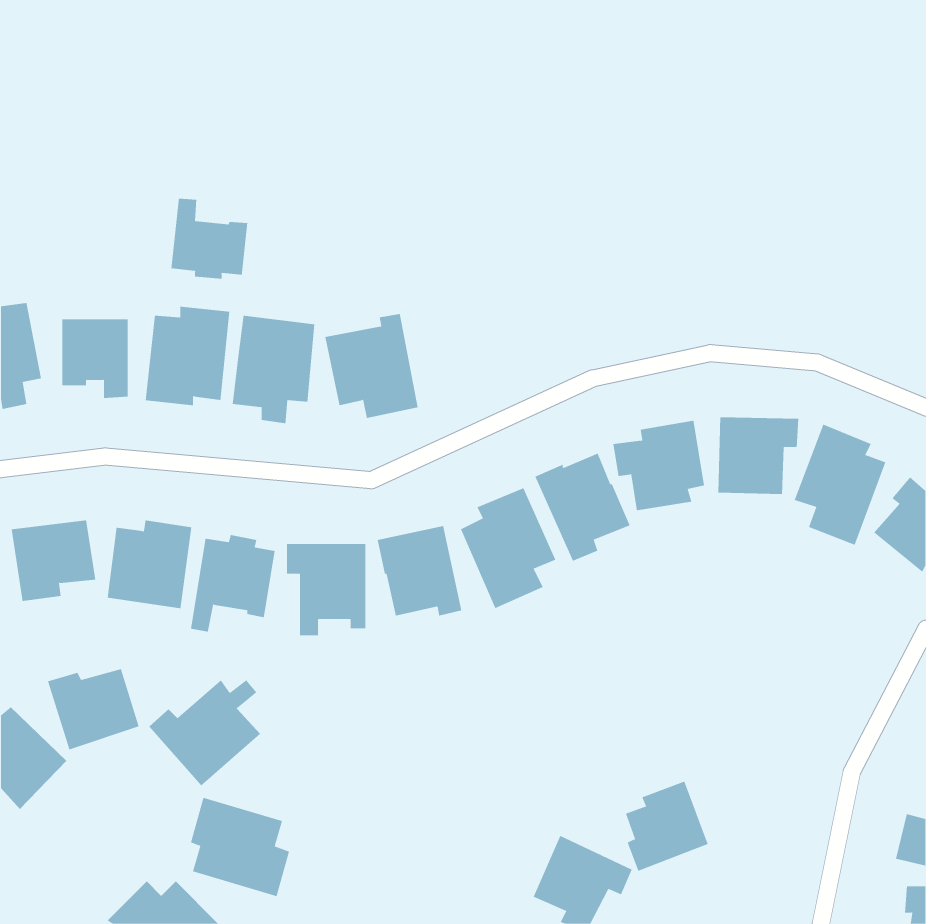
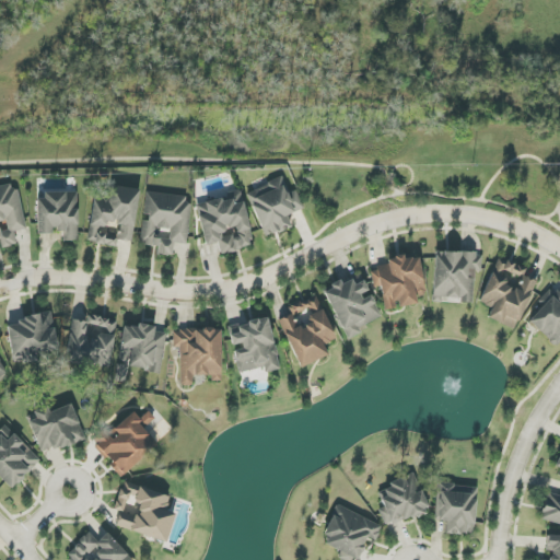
building: [171,198,248,279] -> none
building: none -> [246,176,304,236]
building: none -> [435,483,477,534]

